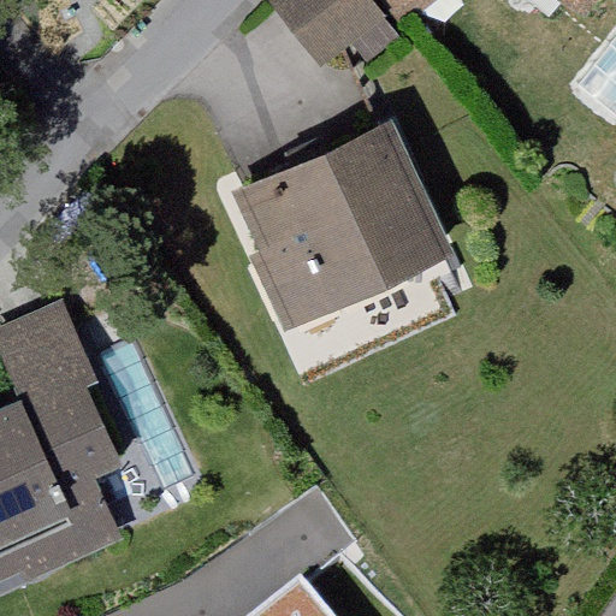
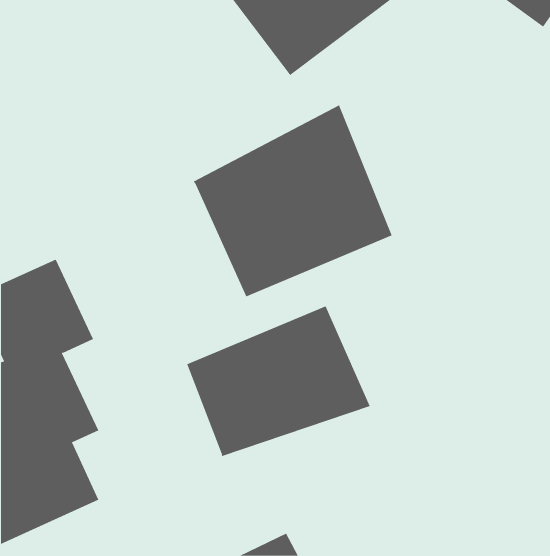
building: none -> [187,305,371,457]

